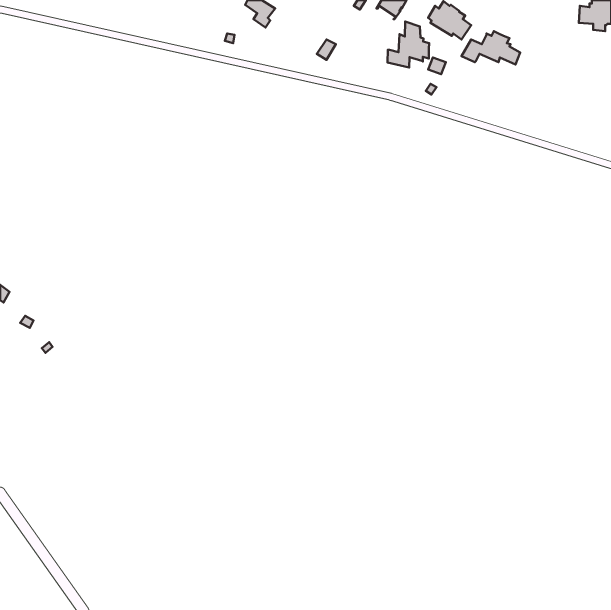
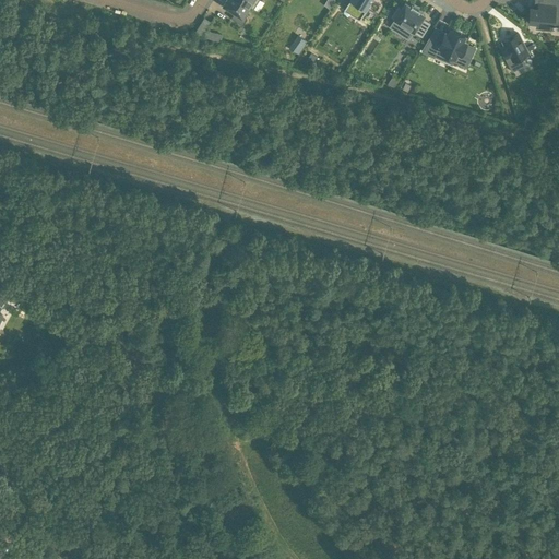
building: [387,21,429,68] -> none
building: none -> [501,34,528,62]

